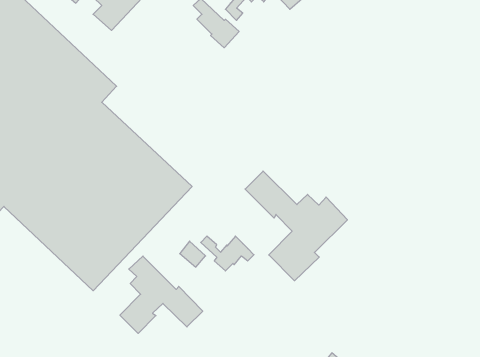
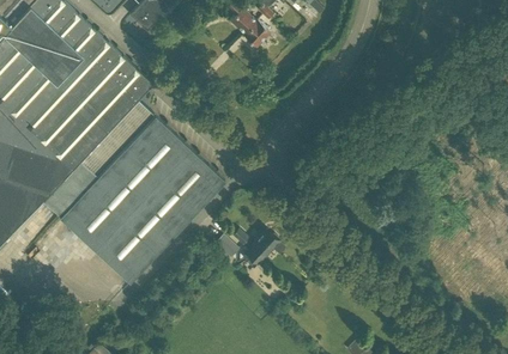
building: [245,171,347,281] -> none
building: [120,256,203,333] -> none

